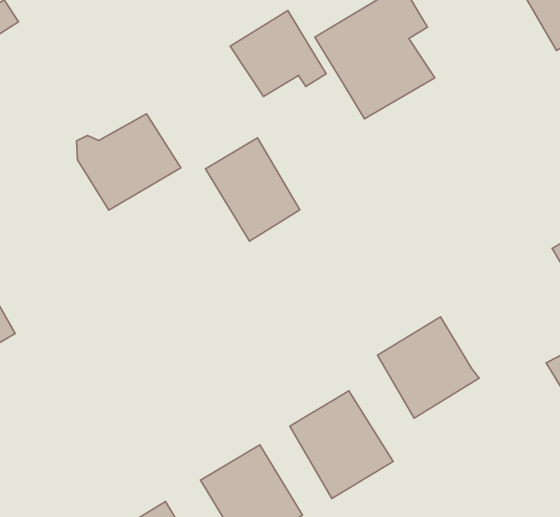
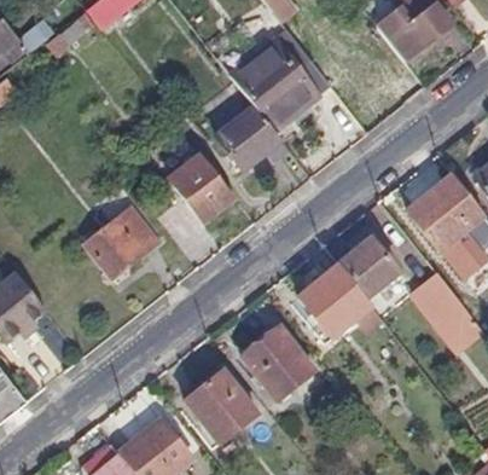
building: [230,11,326,97] -> [214,108,284,170]
building: [76,114,181,210] -> [77,209,153,280]
building: none -> [341,237,400,297]

